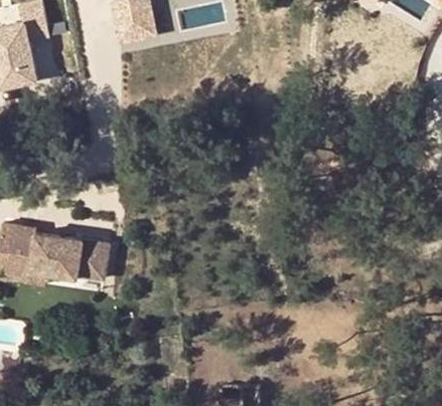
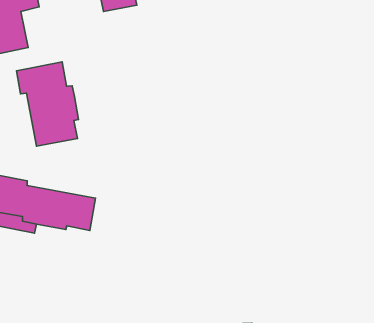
building: none -> [16,62,79,146]

